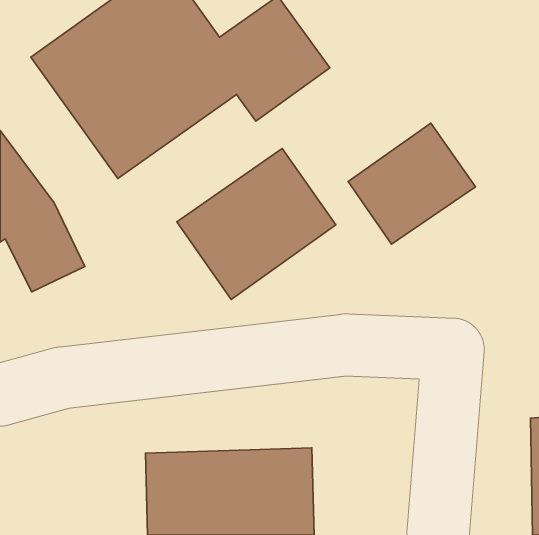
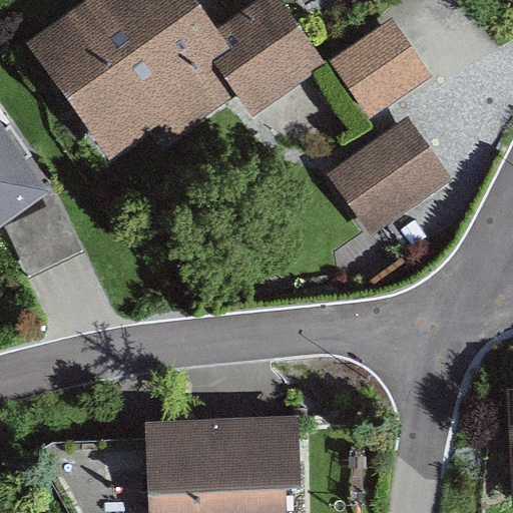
building: none -> [337,11,441,113]
building: [177,149,336,300] -> none

